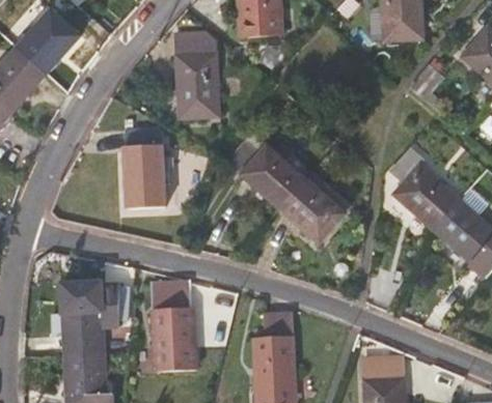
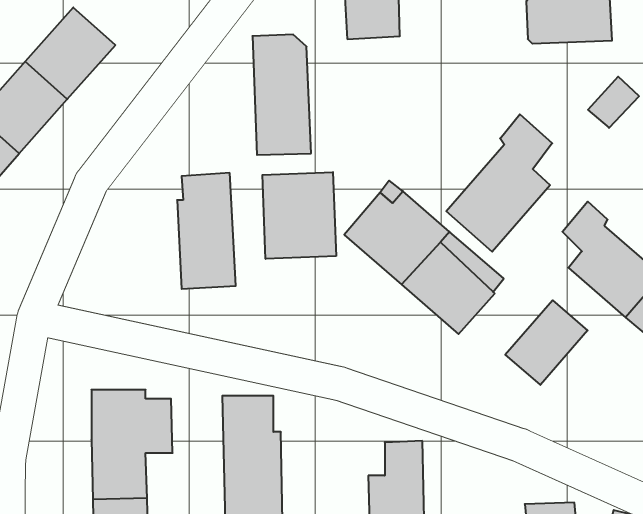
building: none -> [446,114,552,252]
building: none -> [262,172,336,259]
building: none -> [505,300,588,385]

